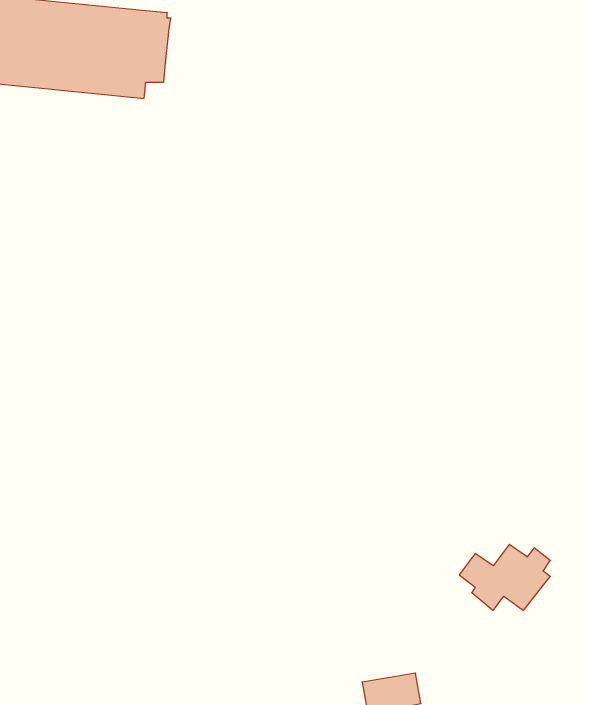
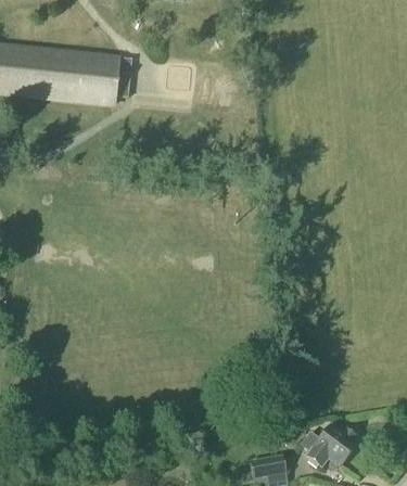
building: [459,544,550,610] -> [300,427,355,468]

